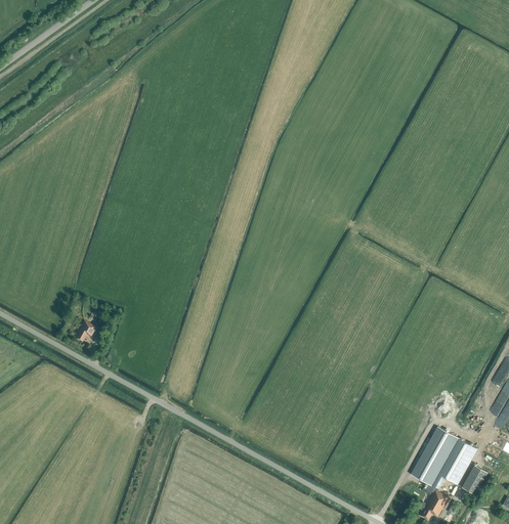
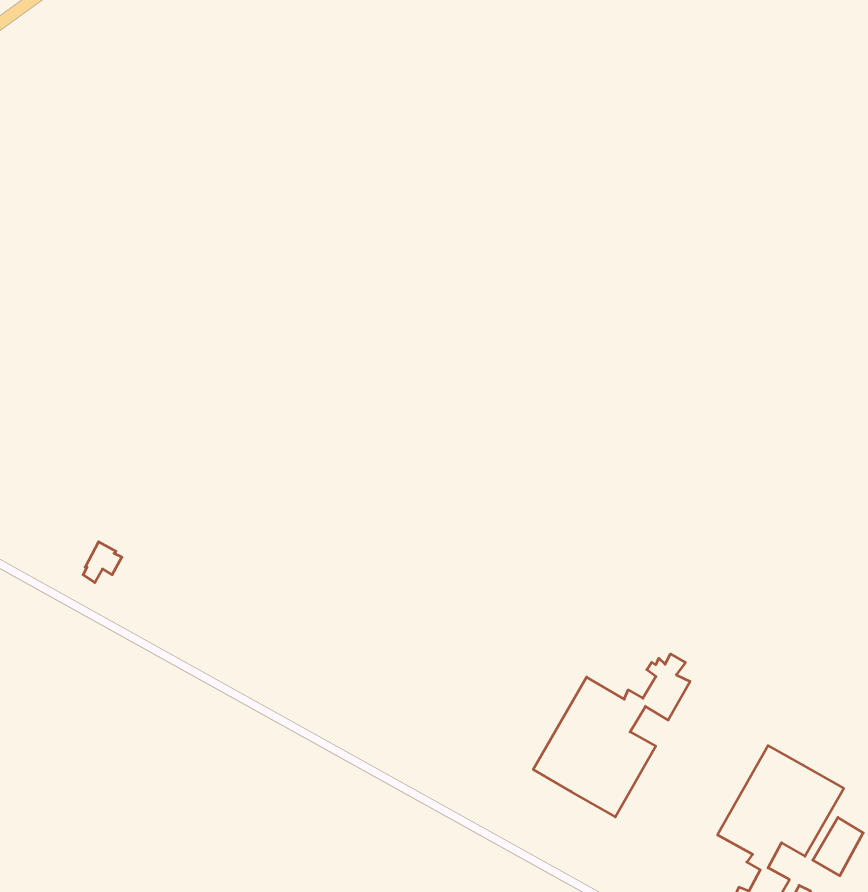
building: none -> [533,654,690,817]

